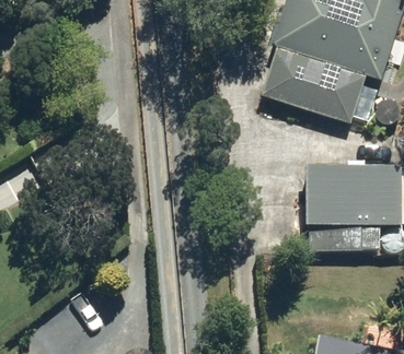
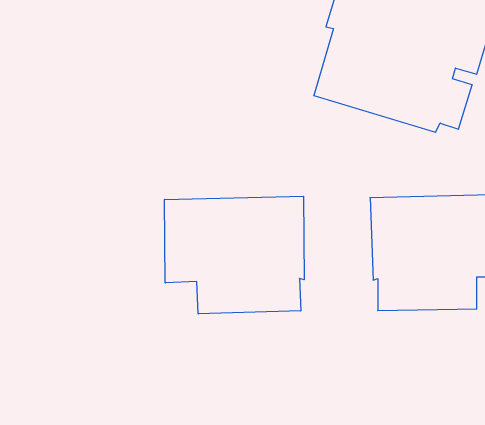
building: none -> [165,196,304,314]

